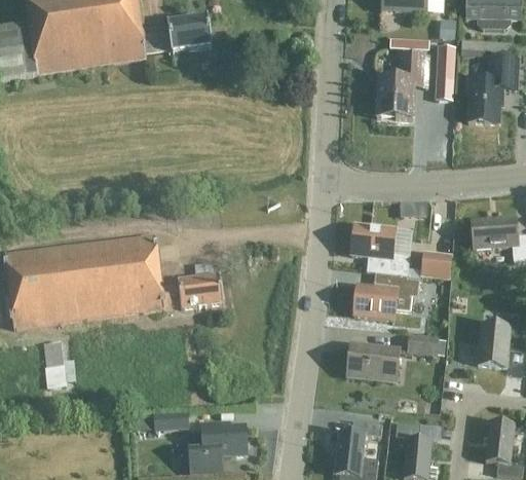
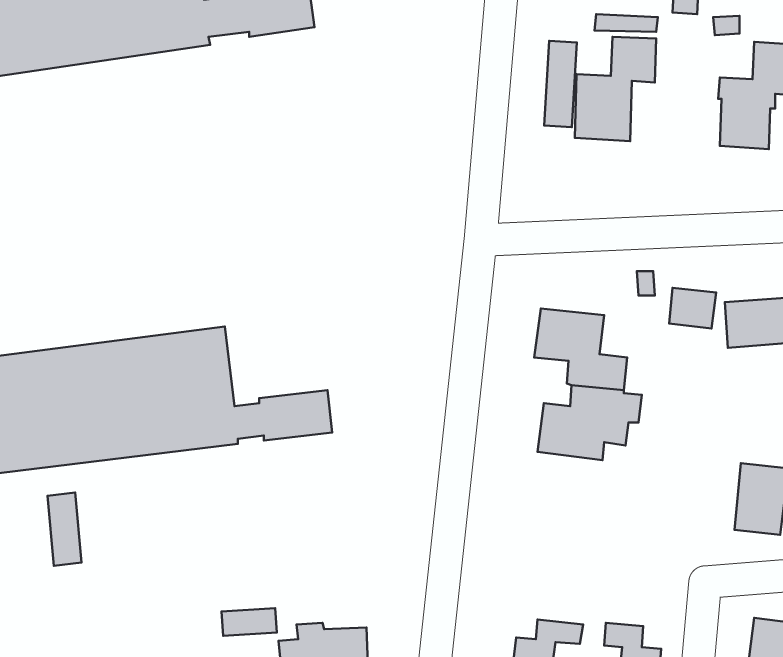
building: [434,45,454,100] -> [544,41,577,127]
building: [419,254,449,280] -> [669,288,716,328]
building: [406,334,445,356] -> none
building: [346,343,399,381] -> none

